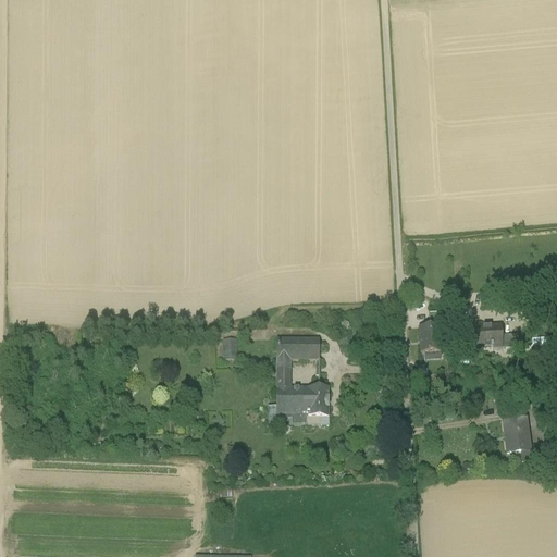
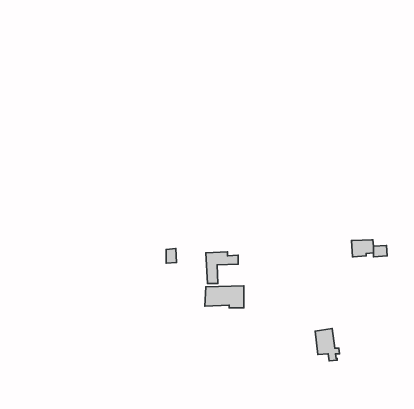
building: [419,323,441,350] -> none
building: [503,414,535,458] -> [315,329,340,361]

